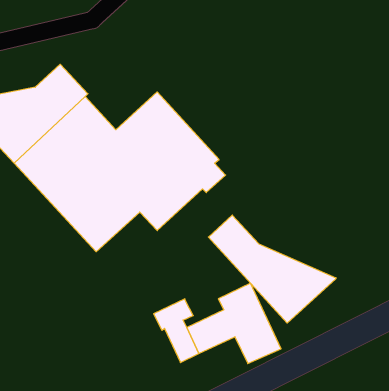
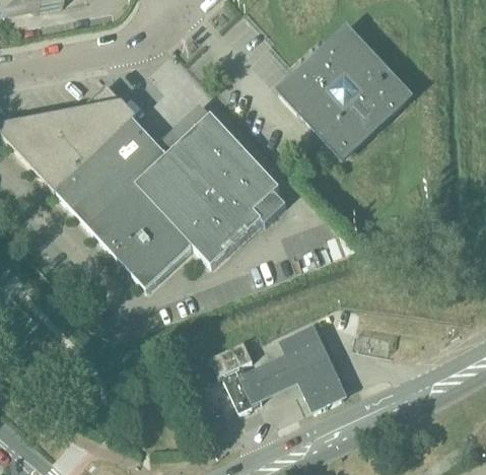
building: none -> [277,28,406,155]
building: [208,215,336,323] -> none

